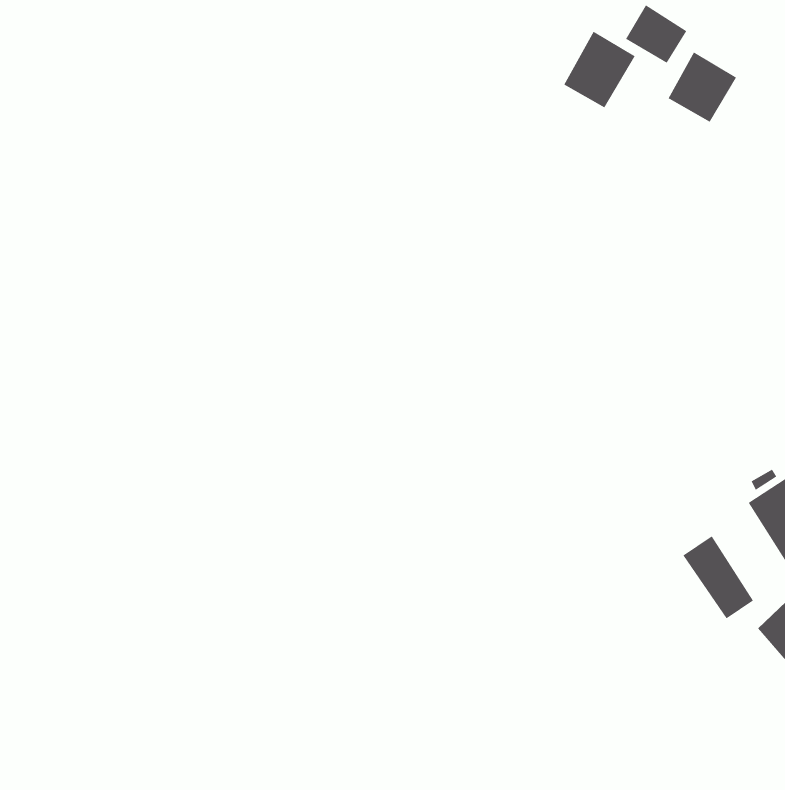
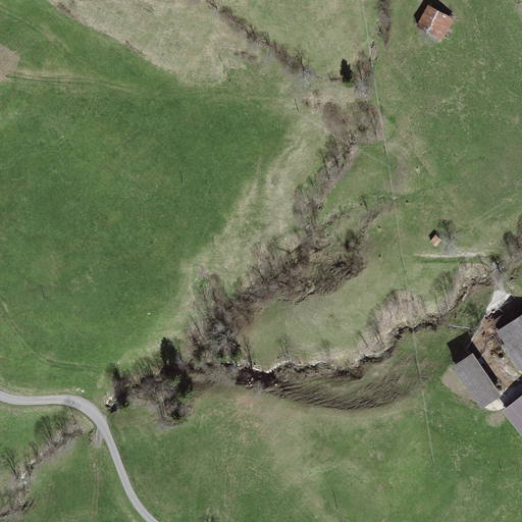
building: [563,31,636,108] -> none
building: [668,51,737,123] -> none

